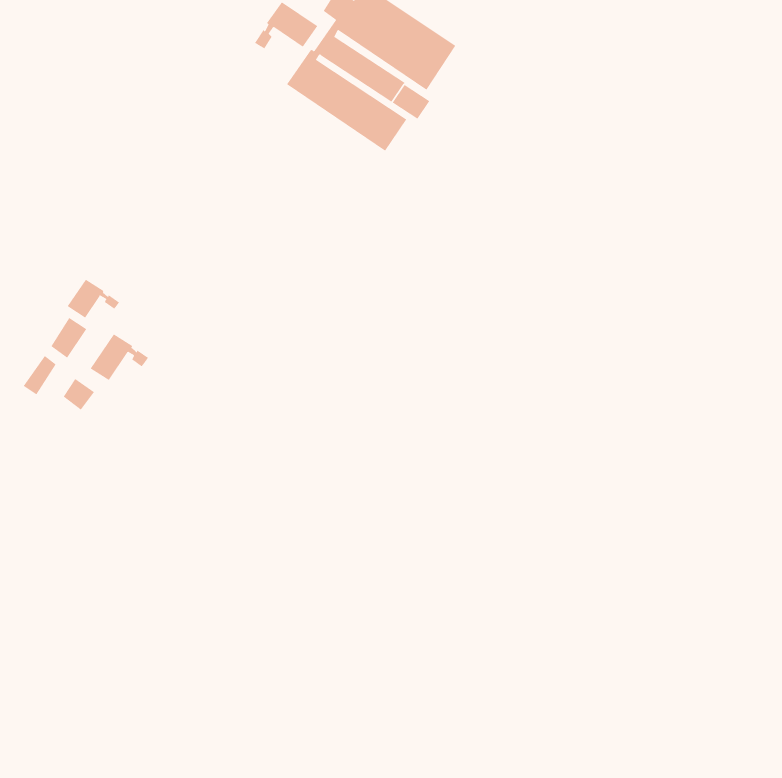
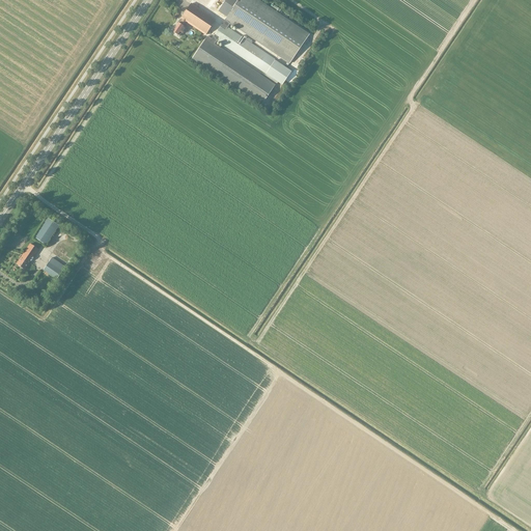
building: [67,279,120,318] -> none
building: [90,334,149,381] -> none

